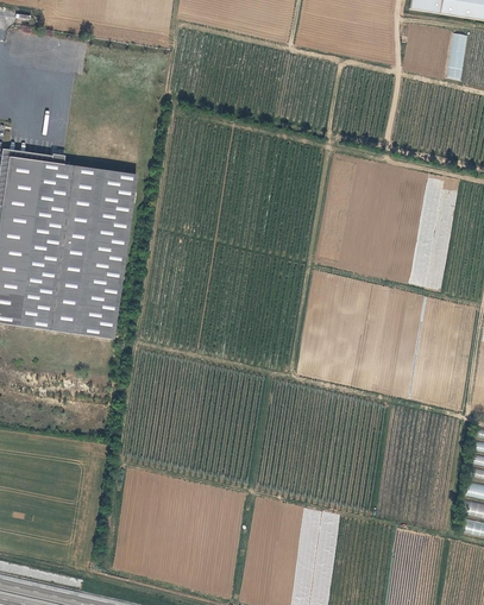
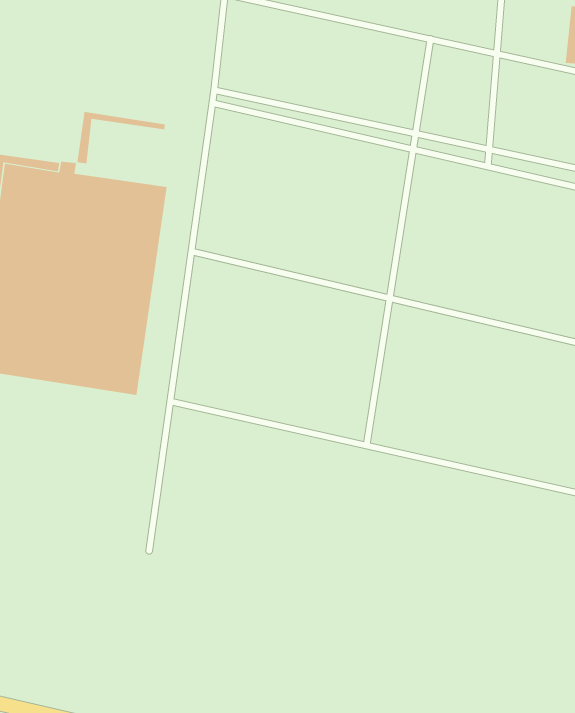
building: none -> [77,111,165,164]

